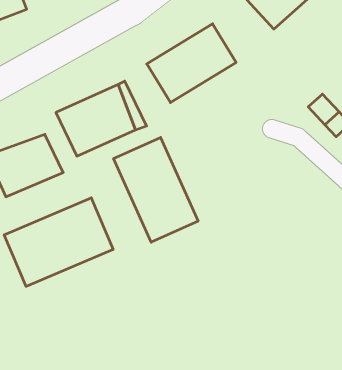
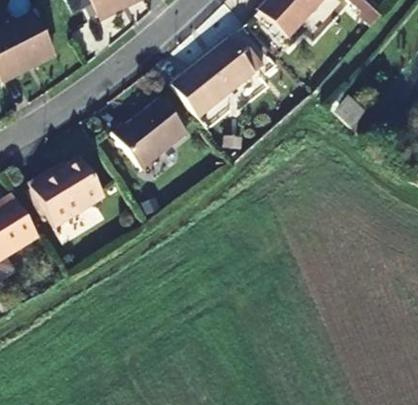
building: [114,137,198,242] -> none
building: [4,198,113,286] -> none

